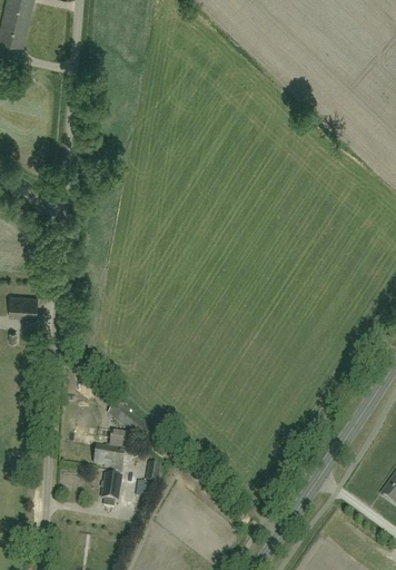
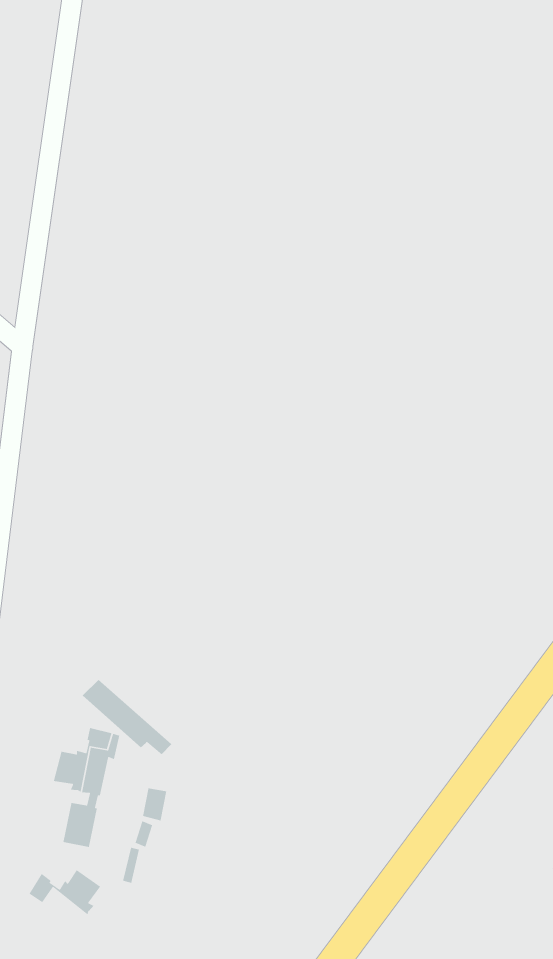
building: none -> [28,869,101,916]

